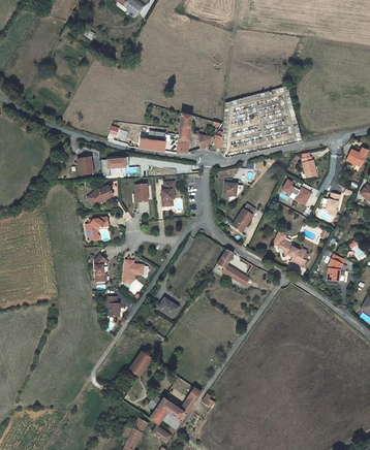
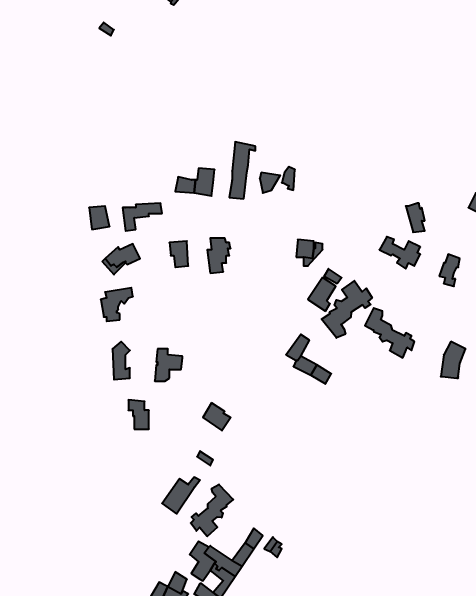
building: none -> [322,281,372,338]
building: none -> [191,484,233,536]

